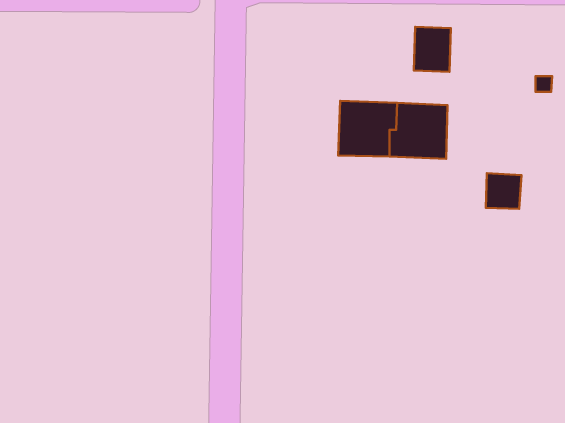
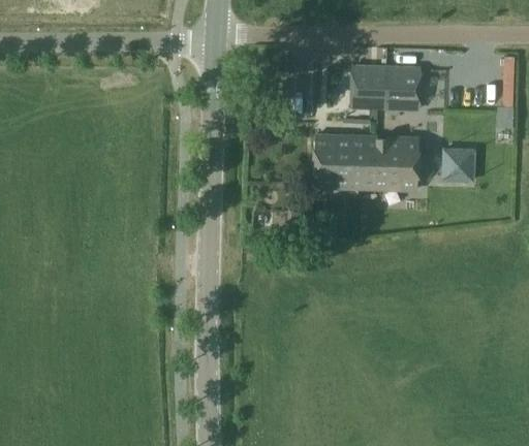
building: none -> [352,65,386,106]
building: [486,173,522,209] -> [442,147,475,180]

